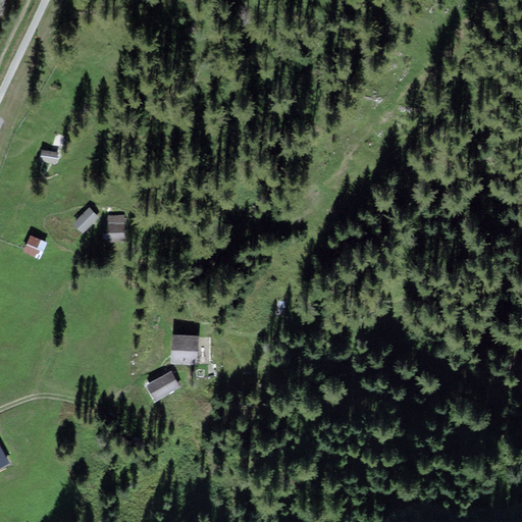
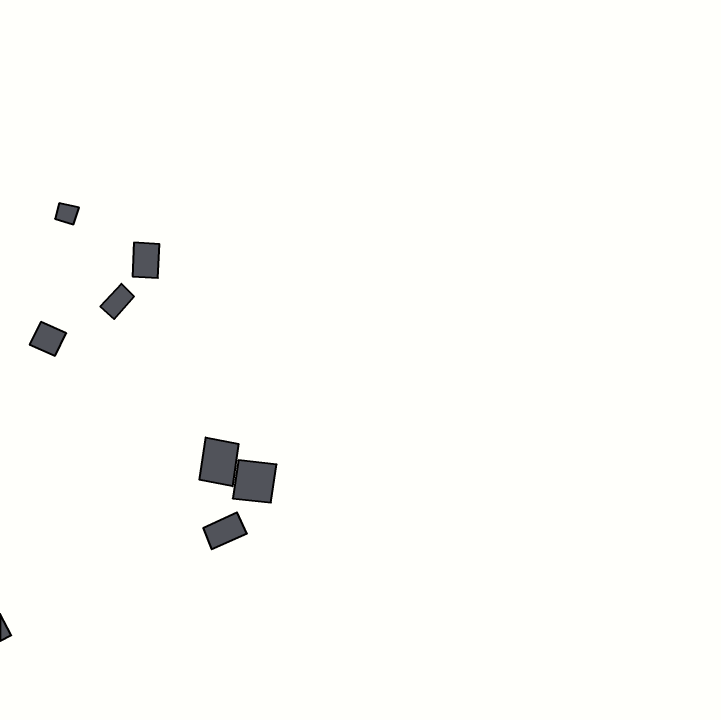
building: [106,216,125,242] -> [133,243,159,278]
building: none -> [199,437,239,486]

